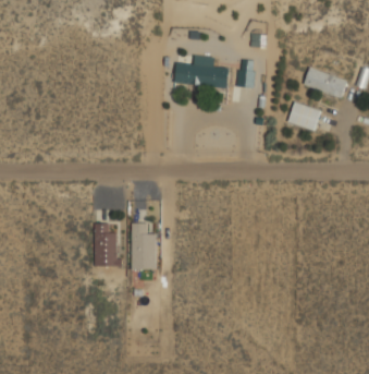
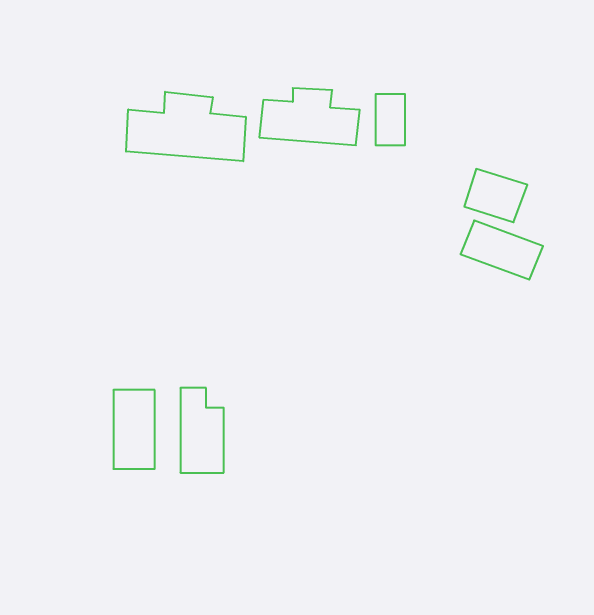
building: none -> [126,92,246,161]
building: [304,65,349,98] -> [460,220,543,280]

